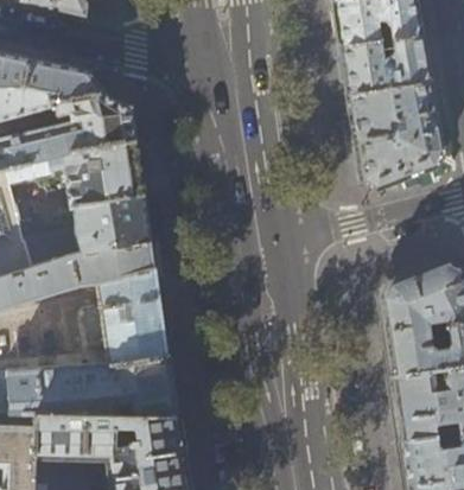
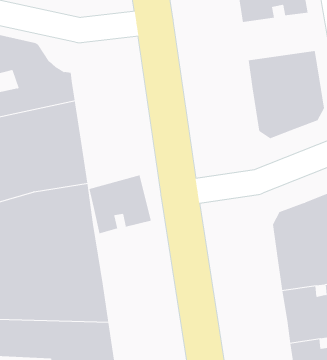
building: [341,36,431,94] -> none
building: none -> [89,175,151,234]

